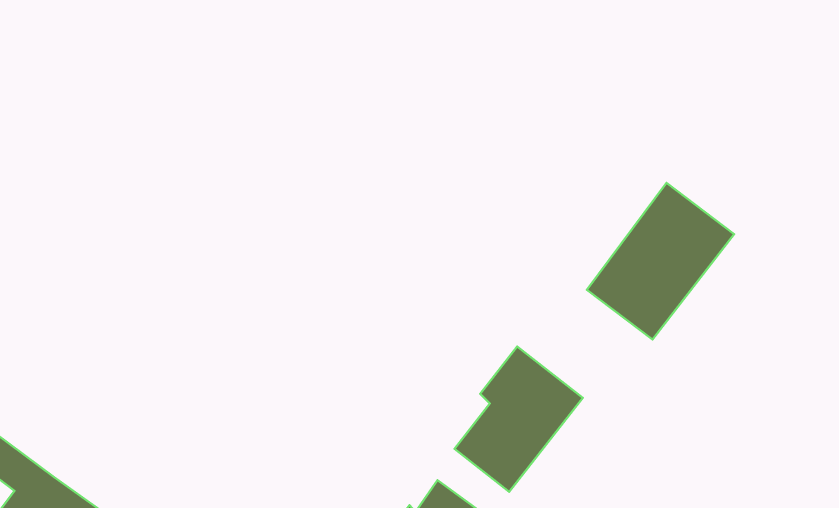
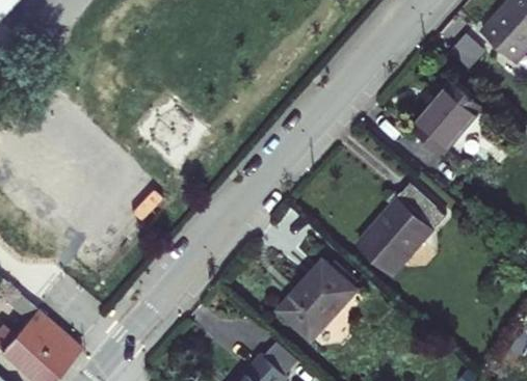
building: none -> [412,82,479,151]

